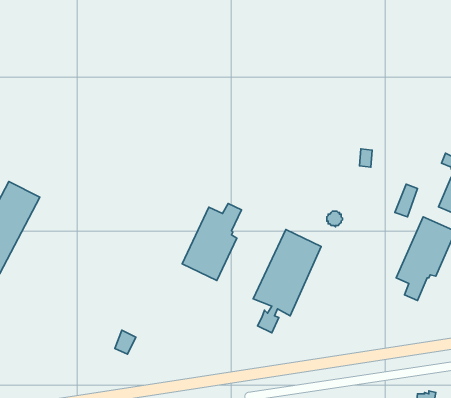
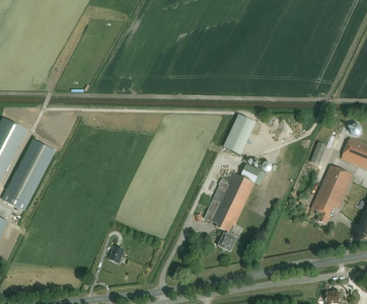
building: none -> [223,113,254,154]
building: [182,204,242,280] -> none

